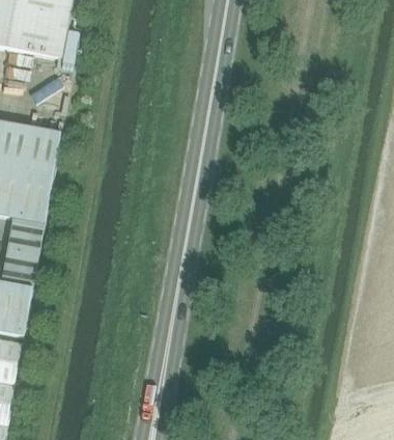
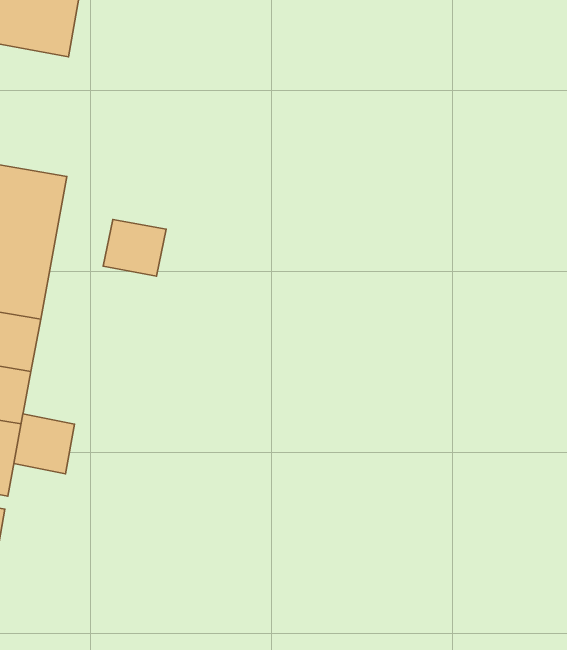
building: none -> [103,219,166,276]
building: none -> [14,414,74,474]

